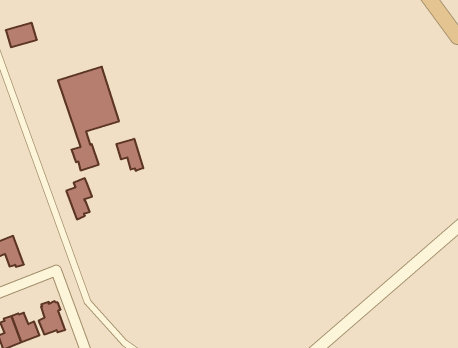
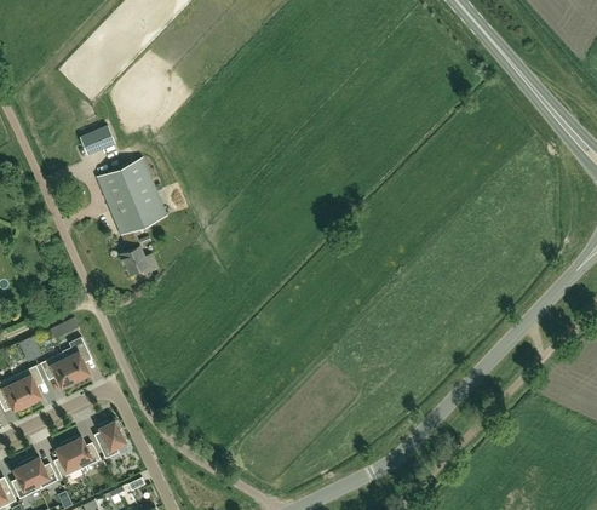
building: [6,23,37,47] -> [80,126,115,155]
building: [116,139,143,171] -> none
building: [66,178,92,219] -> [62,337,91,383]

